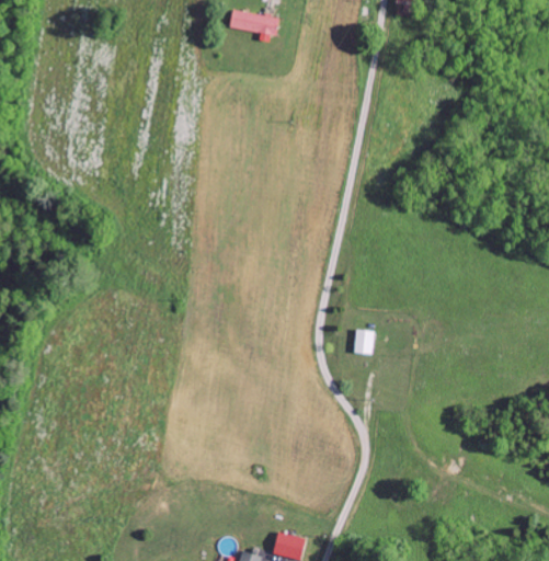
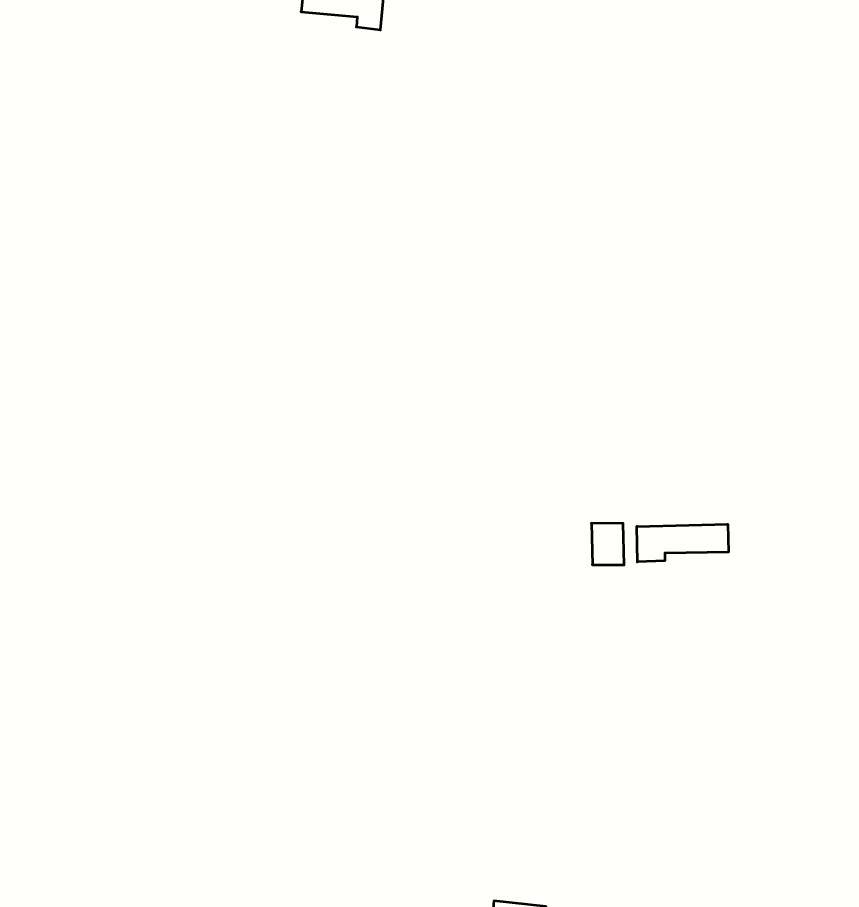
building: none -> [637,524,728,562]

